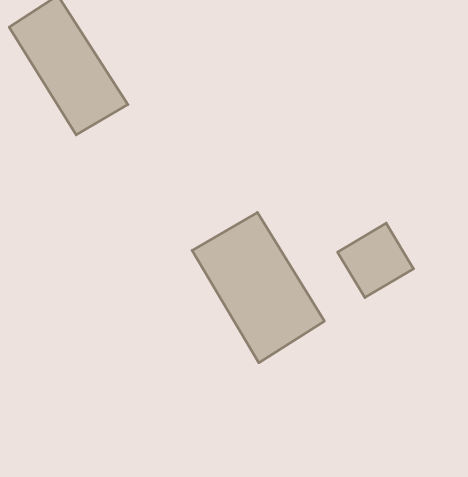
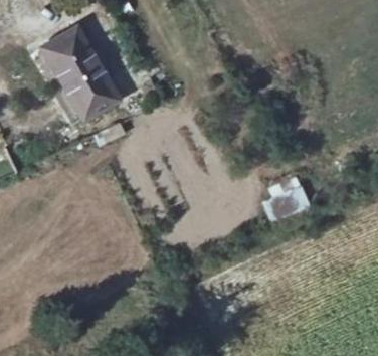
building: [192,212,324,363] -> none

